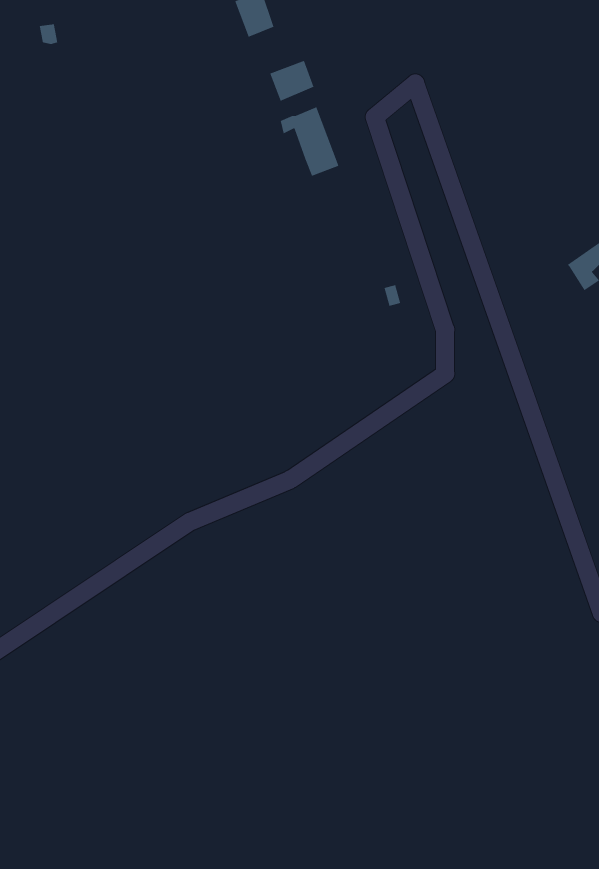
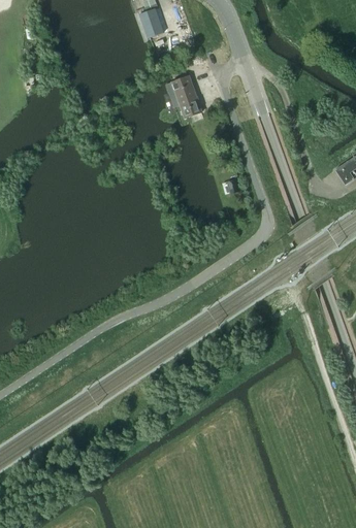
building: [269,60,314,102] -> none

